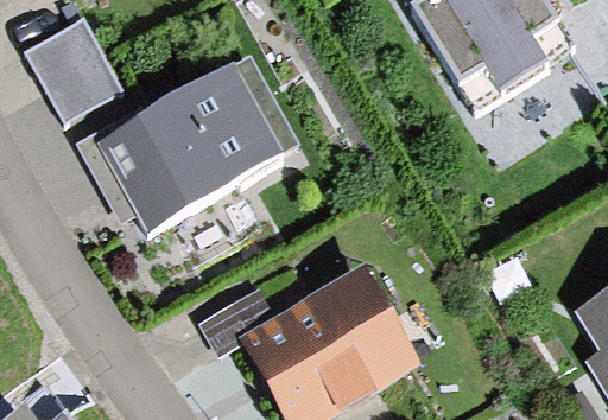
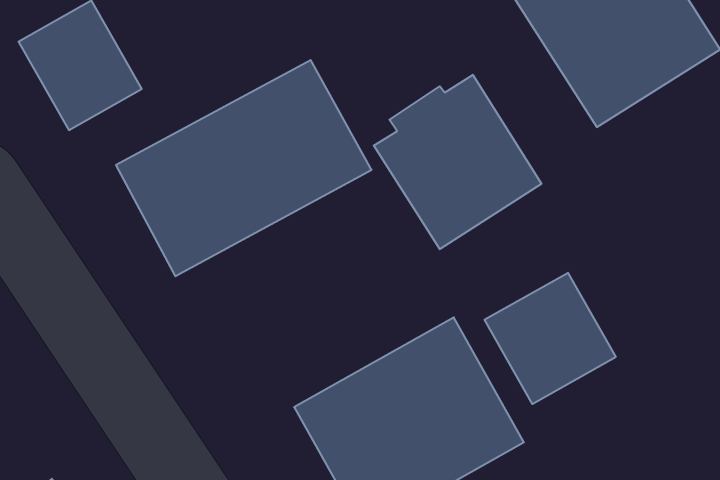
building: none -> [374,75,541,249]
building: none -> [485,273,616,404]

